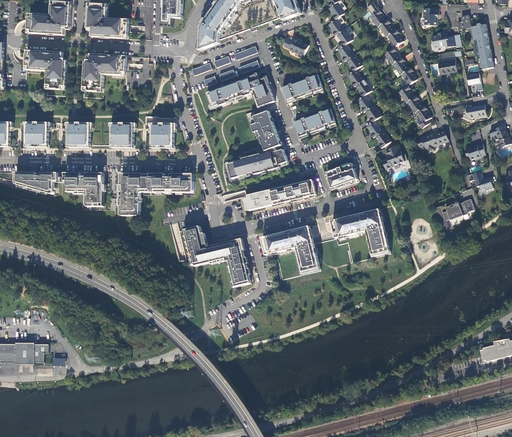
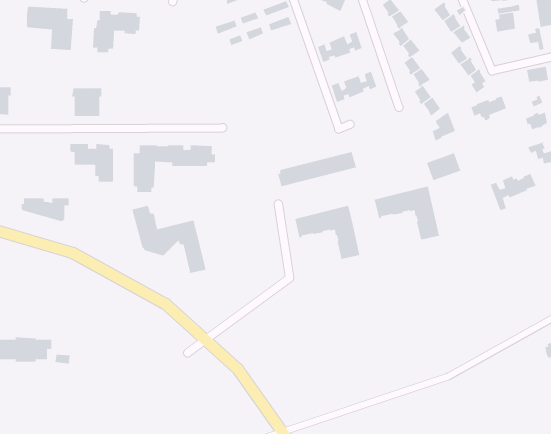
building: [204,73,272,106] -> none
building: [226,110,286,177] -> none
building: [22,121,49,147] -> none
building: [108,122,135,147] -> none
building: [148,122,175,148] -> none
building: [325,161,356,186] -> [426,153,461,181]
building: [13,171,56,192] -> [21,198,70,222]
building: [183,225,249,285] -> [132,205,207,273]

